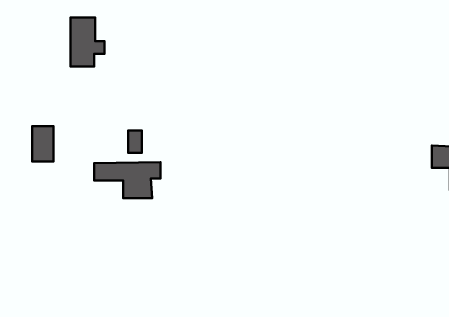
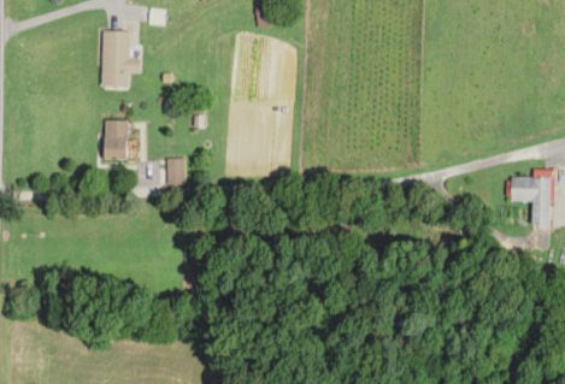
building: [32,126,53,161] -> [104,120,128,160]
building: [94,162,161,198] -> none

